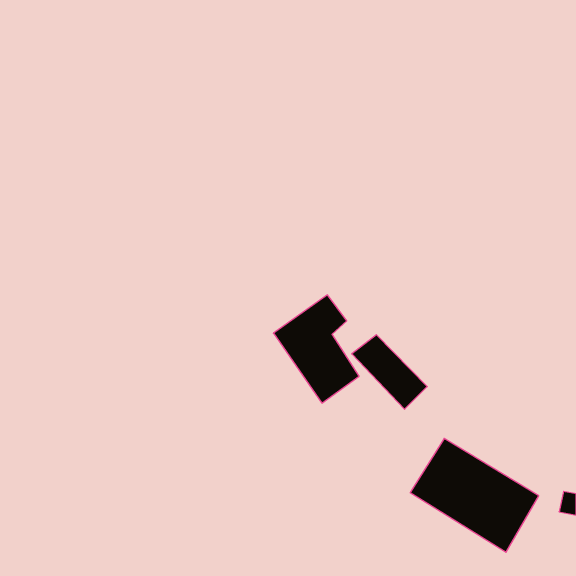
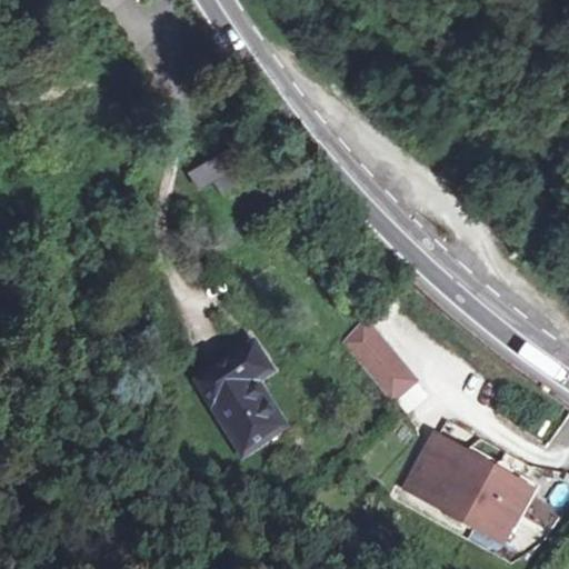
building: none -> [186,154,234,193]
building: [273,295,359,403] -> [199,341,283,448]

